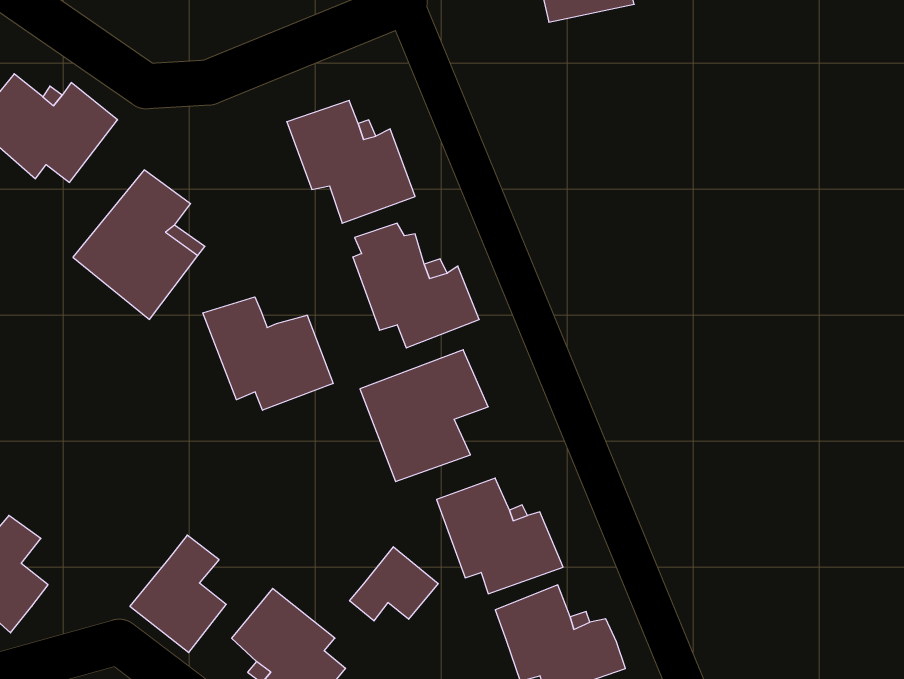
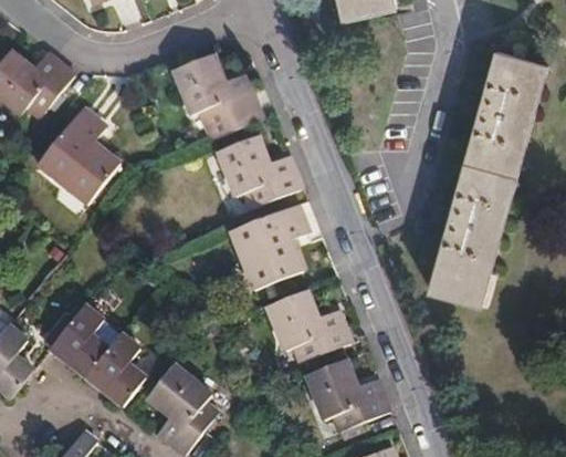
building: none -> [431,46,548,300]
building: [203,297,333,410] -> none
building: none -> [45,302,107,377]
building: [350,547,438,621] -> none

